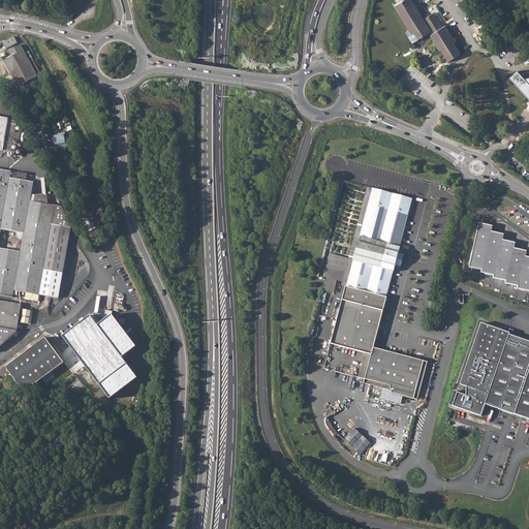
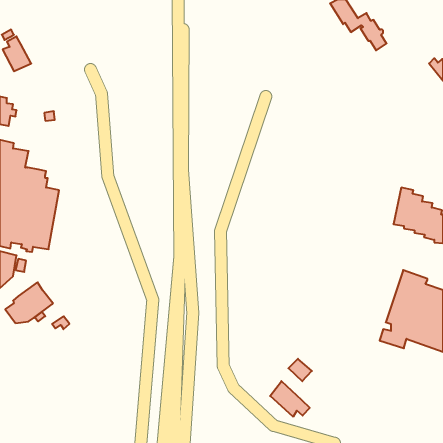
building: [330,187,423,398] -> none
building: [65,320,142,404] -> none
building: none -> [270,381,310,417]

